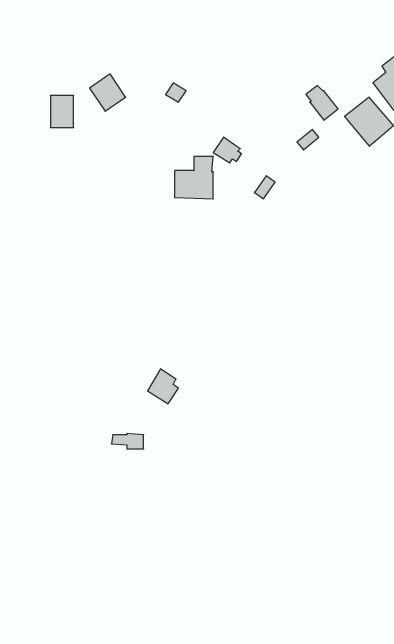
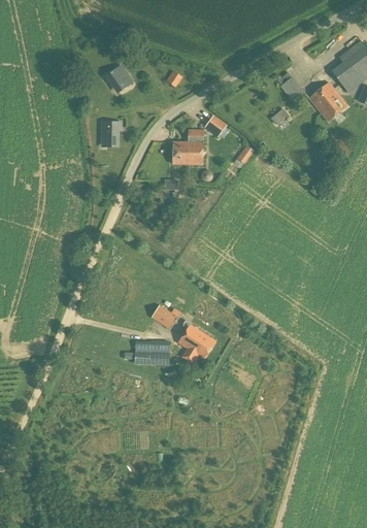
building: [50,95,74,128] -> [100,122,119,147]
building: none -> [178,324,208,363]
building: none -> [149,340,169,365]

